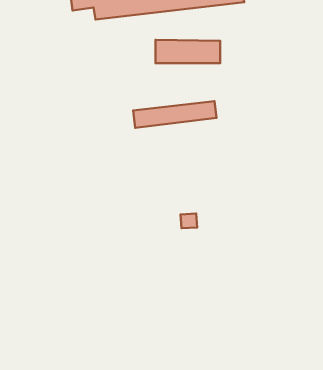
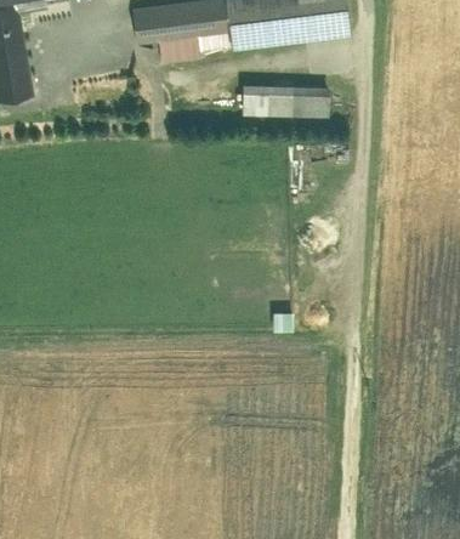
building: [133,101,216,128] -> none

